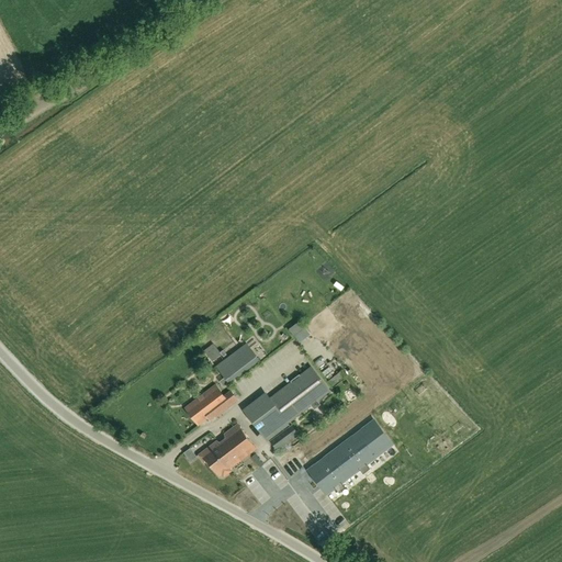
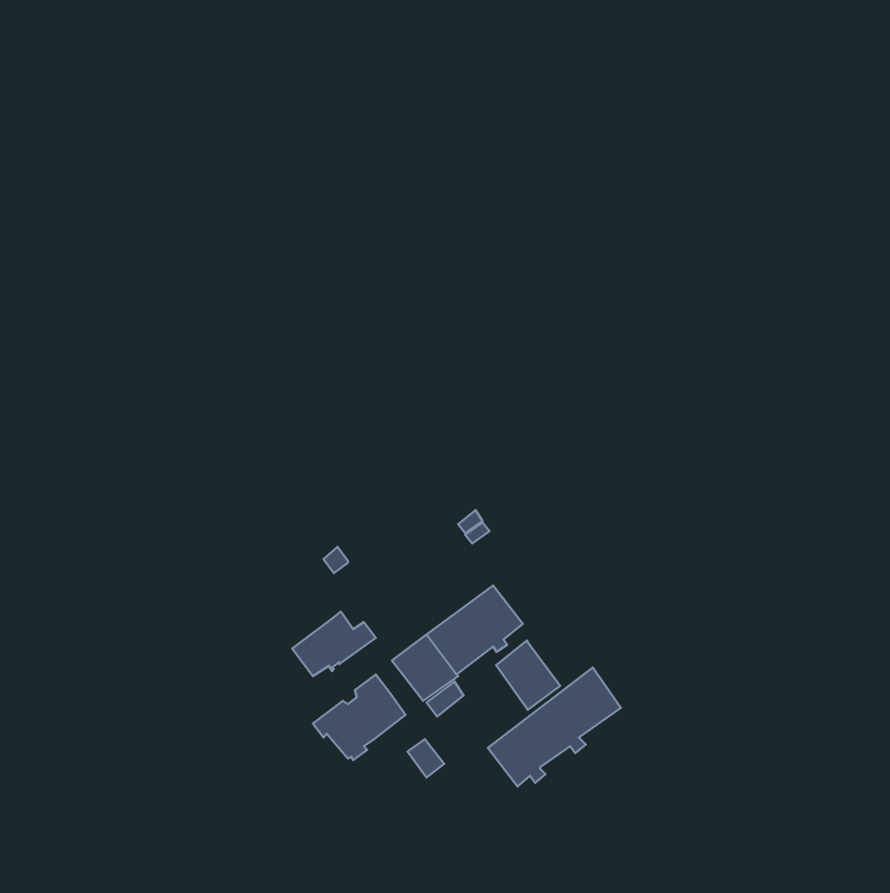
building: [215,345,256,382] -> none
building: none -> [496,641,560,710]

